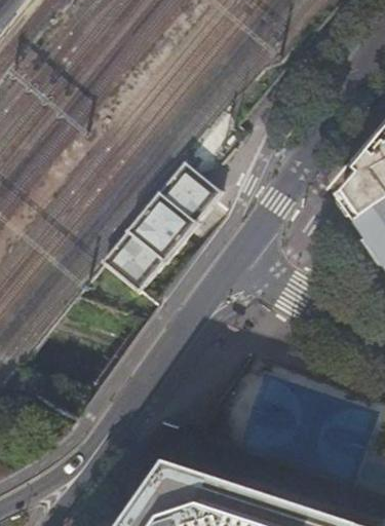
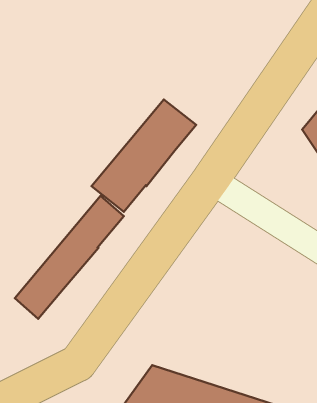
building: none -> [15,196,124,319]

